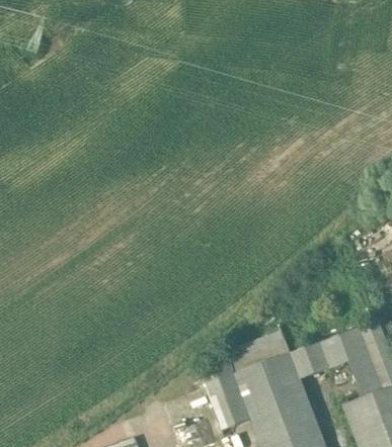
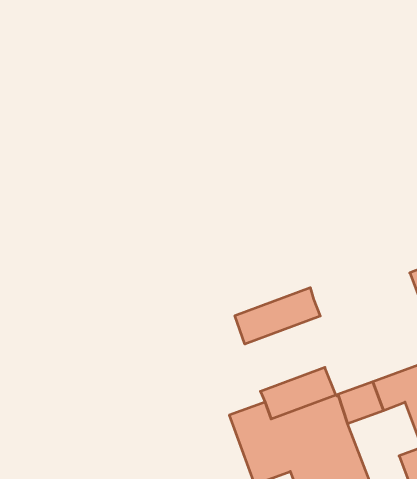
building: none -> [235,288,320,344]

